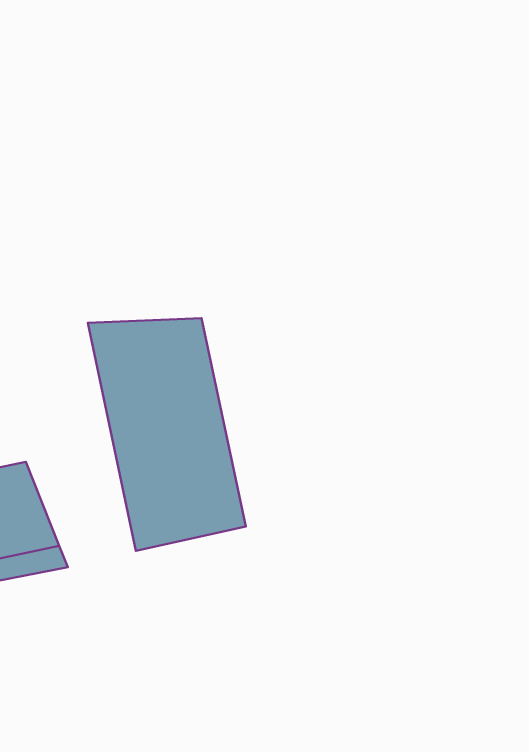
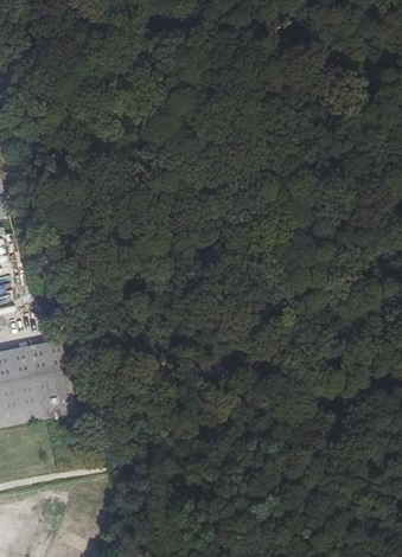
building: [88,318,246,551] -> none

